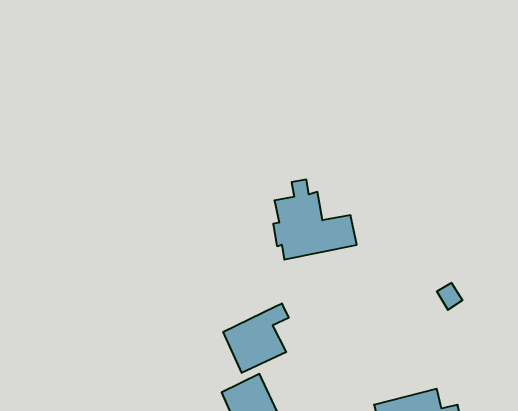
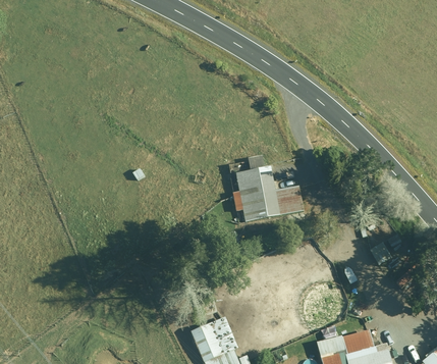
building: [223,303,289,373] -> none

